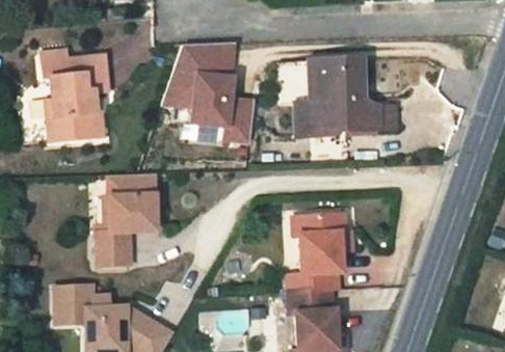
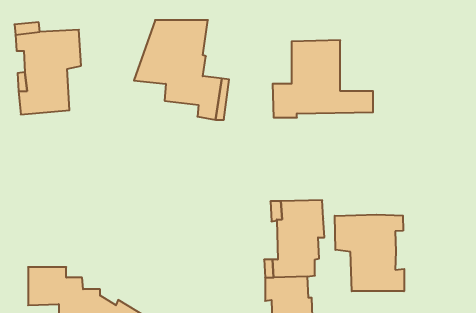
building: [100,173,161,263] -> none
building: none -> [335,215,404,291]

